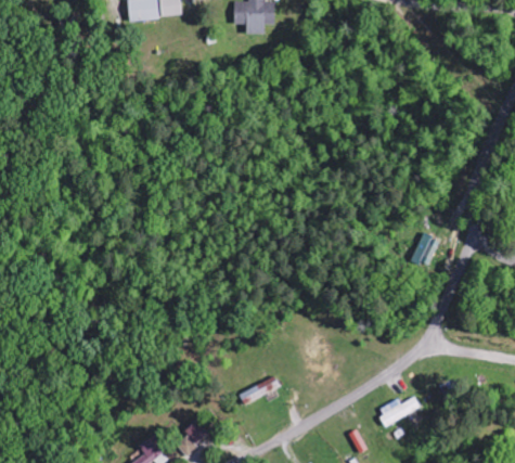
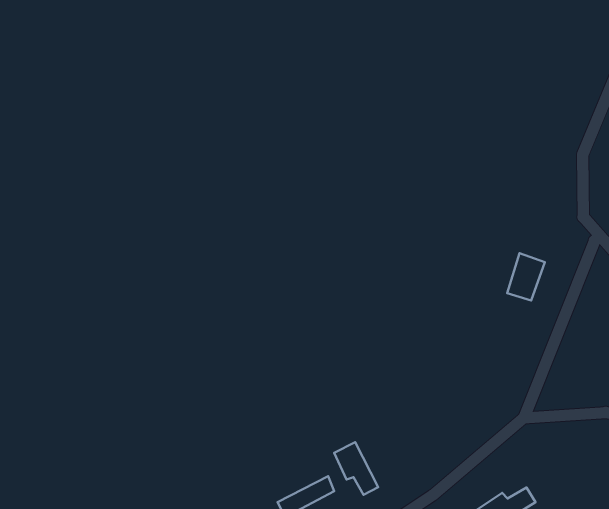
building: none -> [334,442,378,495]

